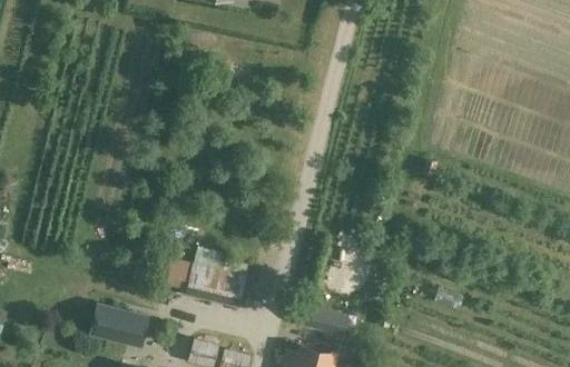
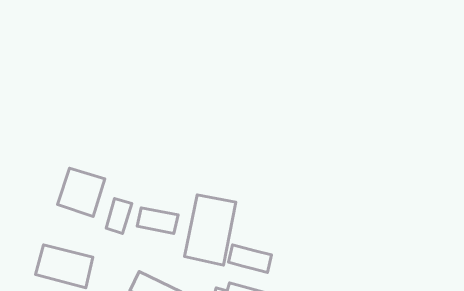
building: none -> [57,168,105,217]
building: none -> [184,195,236,265]

